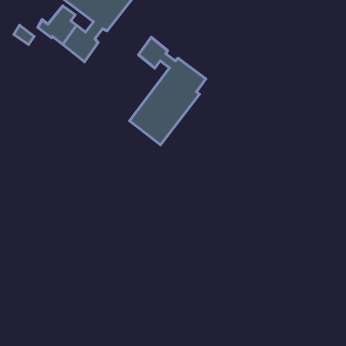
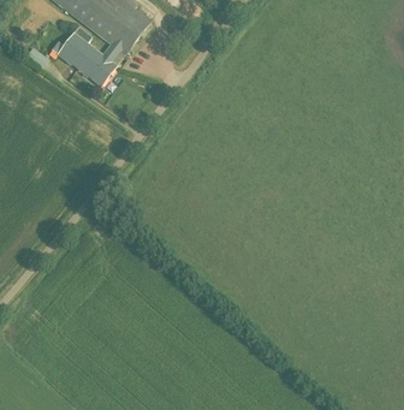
building: [129,37,206,145] -> none

